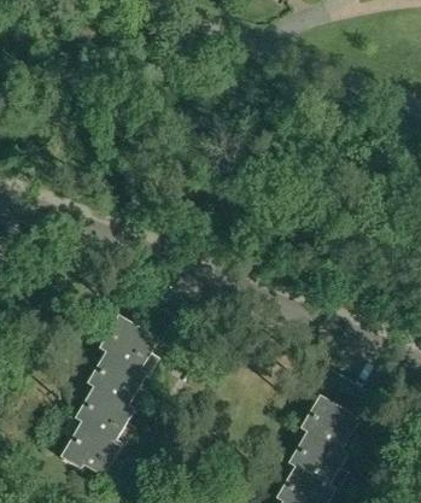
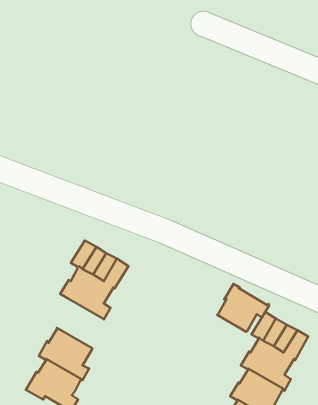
building: none -> [217,284,269,332]
building: [84,353,145,413] -> none

